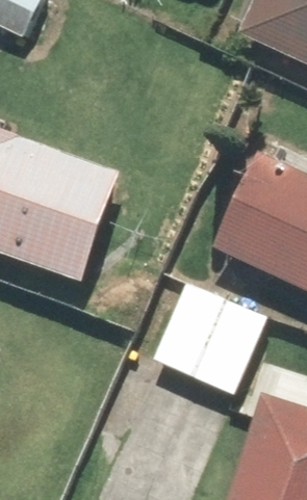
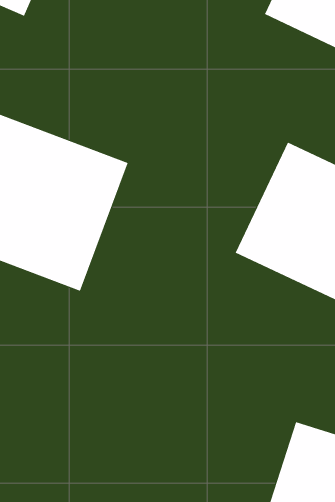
building: [147,284,266,399] -> none

